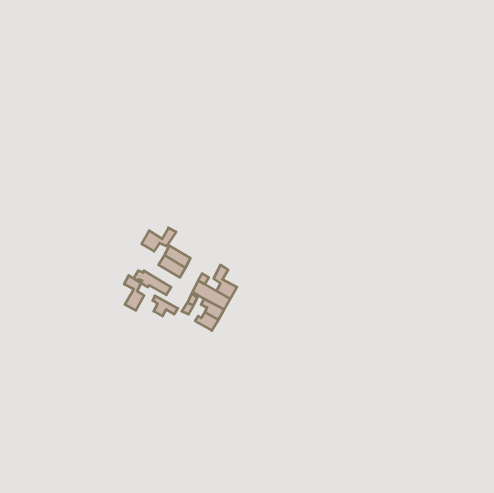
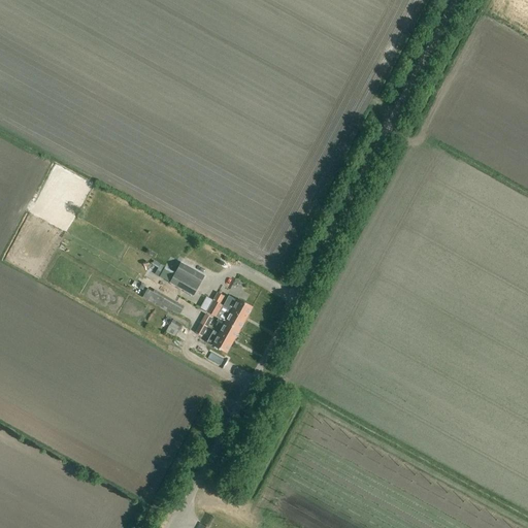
building: [142,228,176,251] -> none
building: [124,275,144,310] -> none

